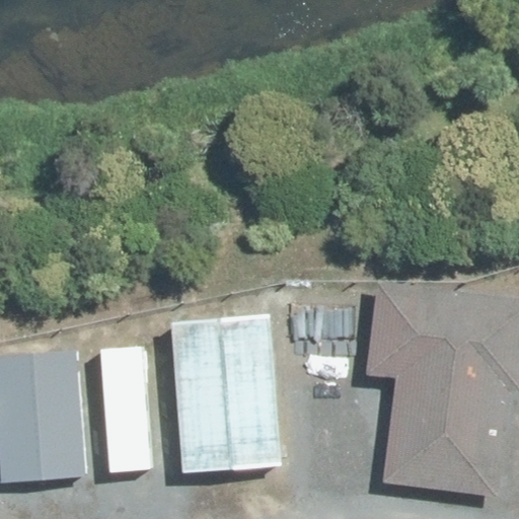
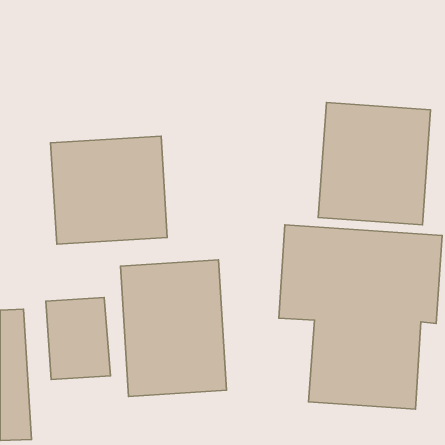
building: none -> [318,103,431,225]
building: none -> [51,136,167,244]

